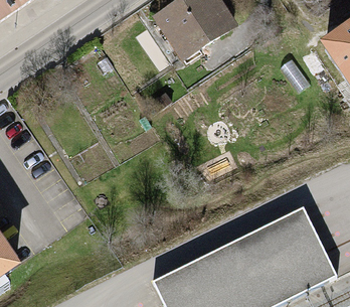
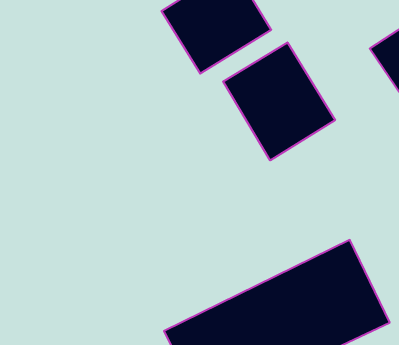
building: none -> [223,42,335,160]

